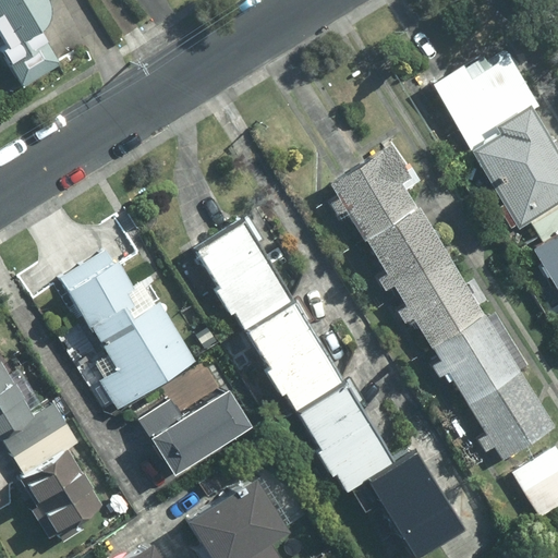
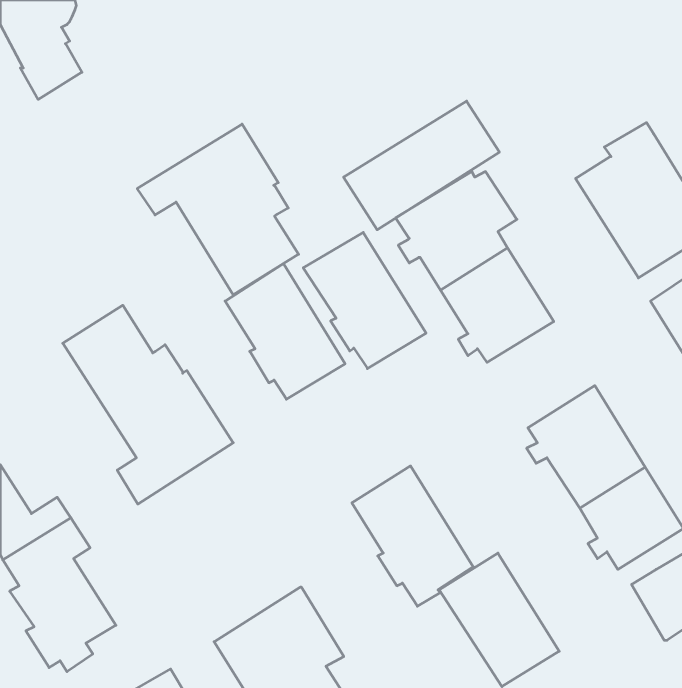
building: [430,57,542,149] -> none
building: none -> [344,101,499,230]
building: none -> [137,124,299,295]
building: [400,264,486,348] -> none
building: [241,299,339,408] -> [303,232,426,369]
building: [142,387,248,474] -> none

